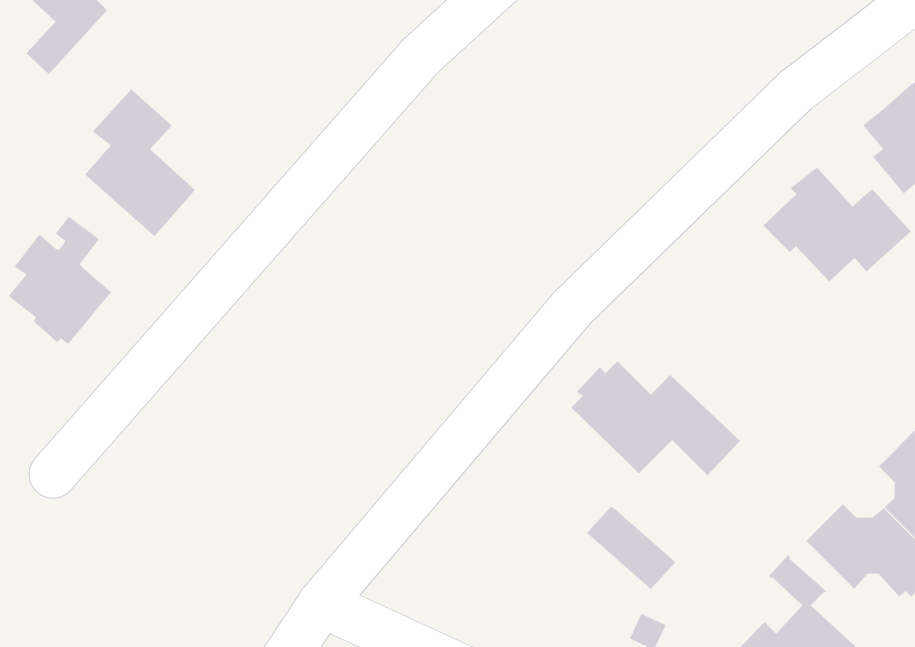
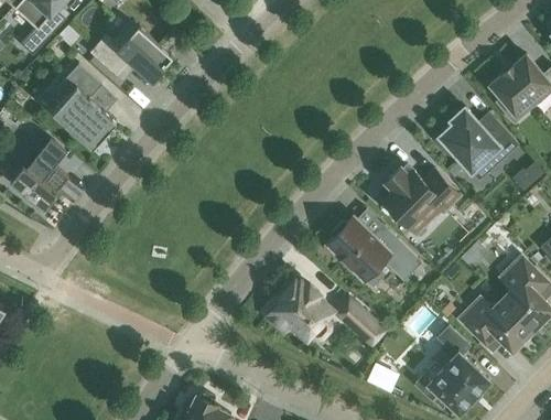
building: none -> [89,22,173,79]
building: none -> [379,165,461,230]
building: none -> [267,280,333,340]

